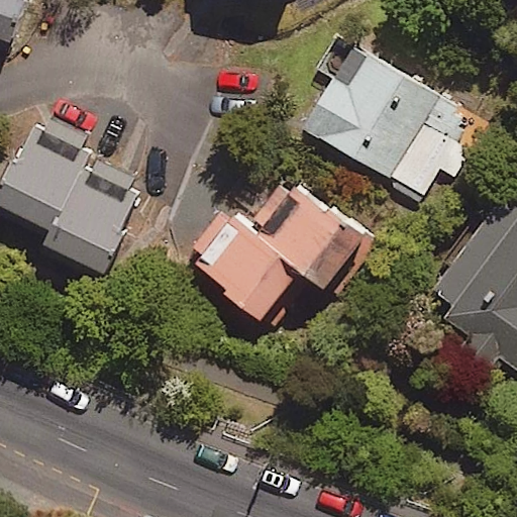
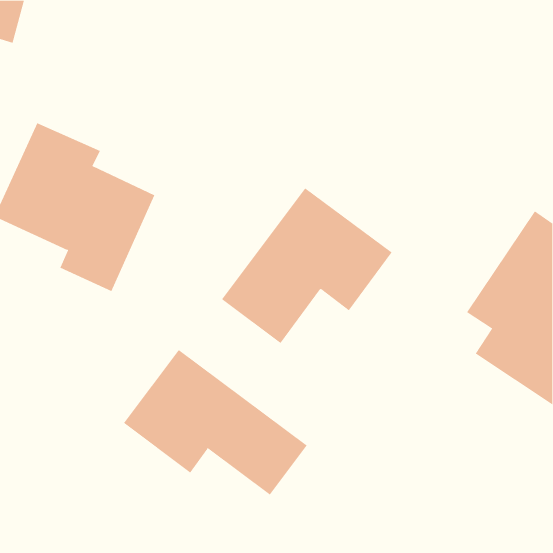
building: [300,37,489,198] -> none
building: none -> [123,349,308,496]

